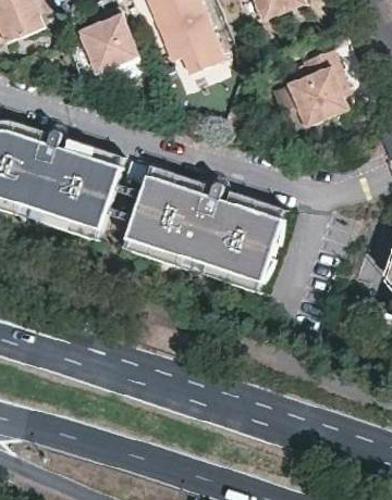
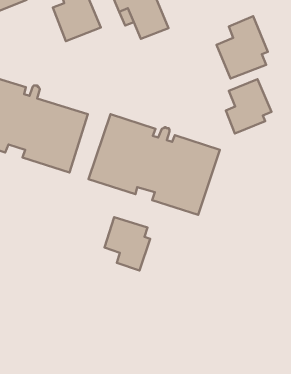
building: none -> [226,79,272,133]
building: none -> [104,217,150,271]

